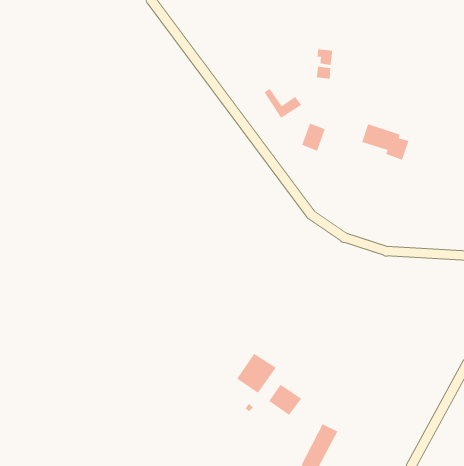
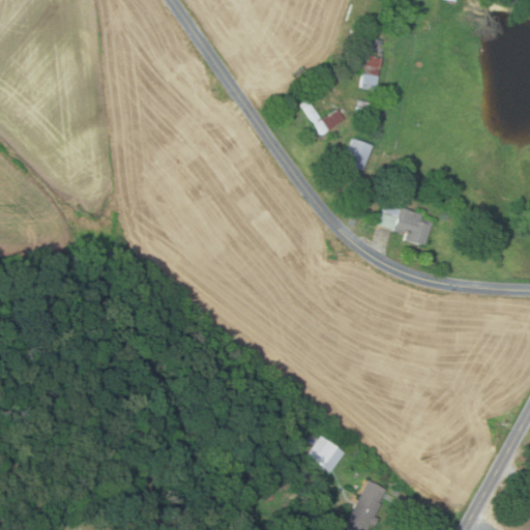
building: [361,123,410,161] -> [381,204,436,246]
building: [236,353,277,394] -> none

